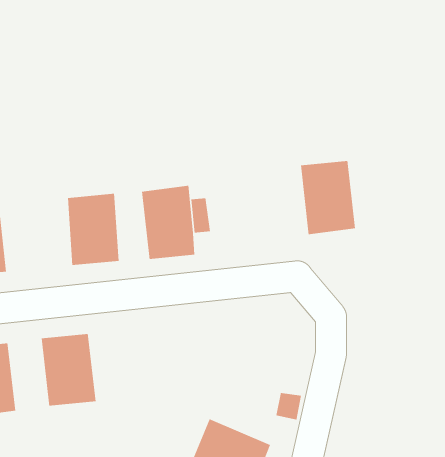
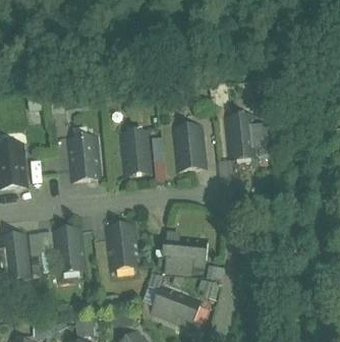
building: none -> [171,123,206,170]
building: none -> [104,221,140,270]
building: none -> [161,232,208,267]

